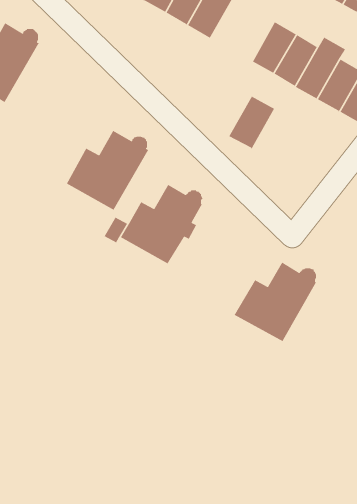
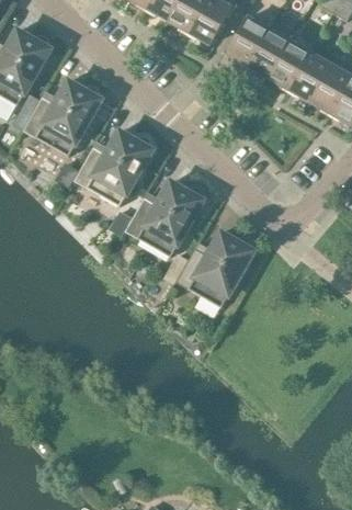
building: none -> [22,80,100,157]
building: [228,96,275,151] -> [225,16,269,68]
building: [234,261,317,342] -> [174,231,252,307]

